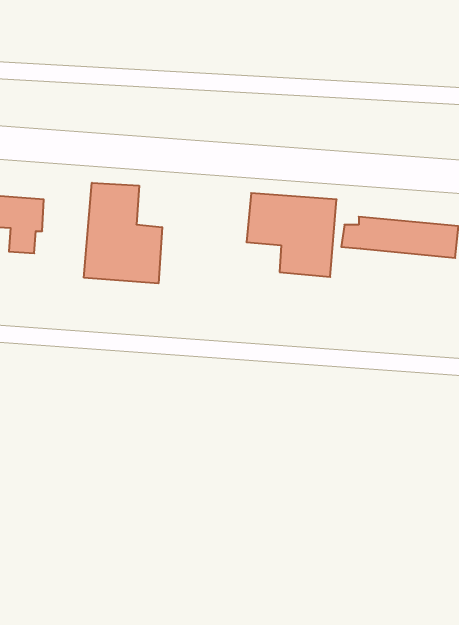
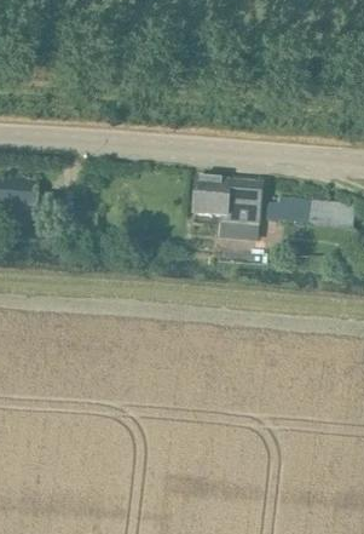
building: [84,183,162,283] -> none

